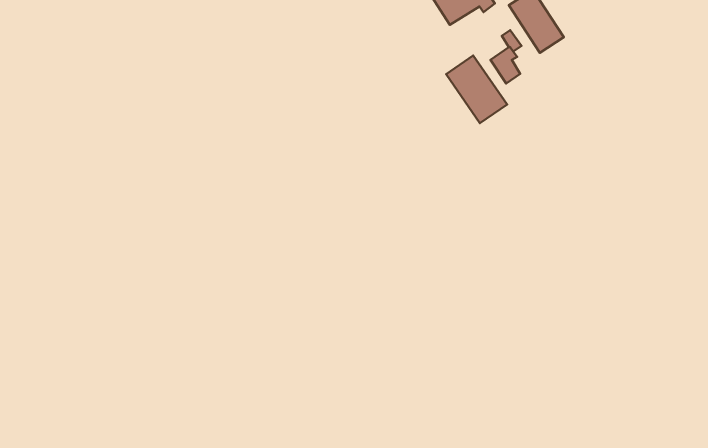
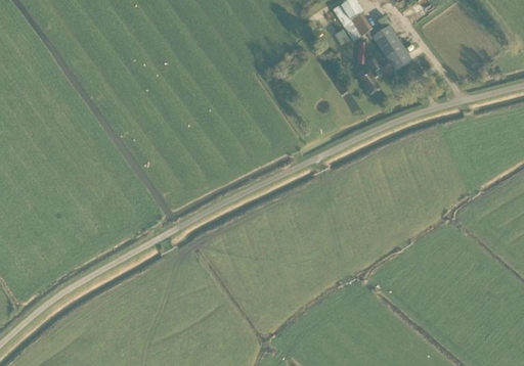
building: [446,55,507,123] -> none

